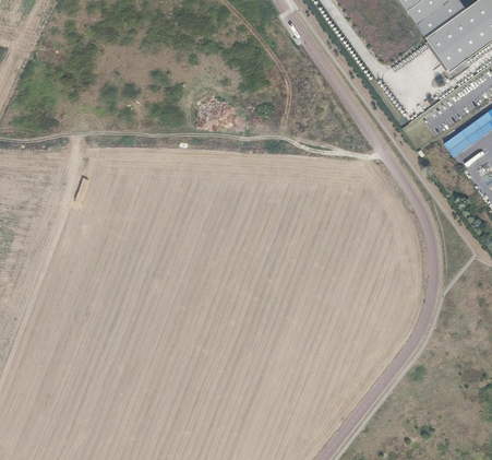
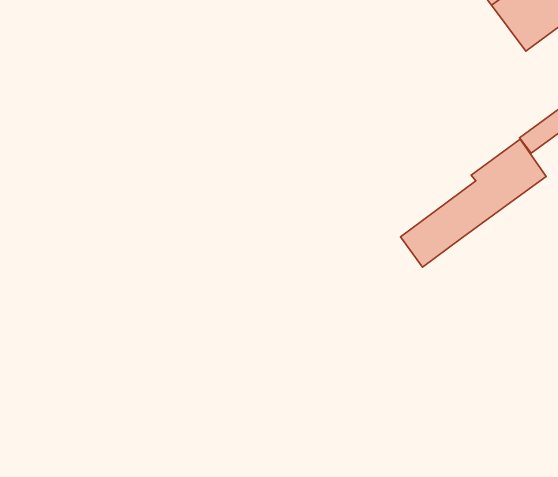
building: none -> [400,139,546,267]

